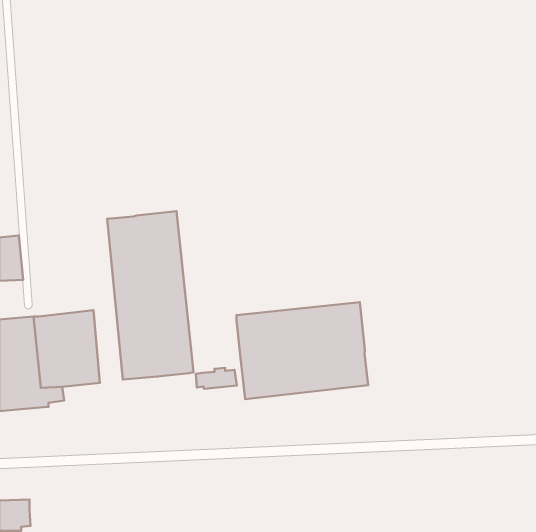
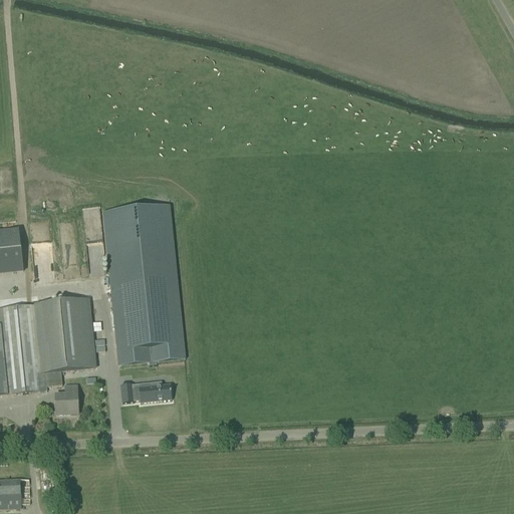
building: [236,302,368,399] -> none
building: [196,368,237,389] -> [132,380,171,401]
building: none -> [54,383,77,413]

